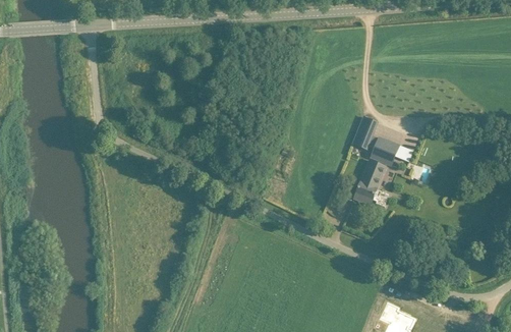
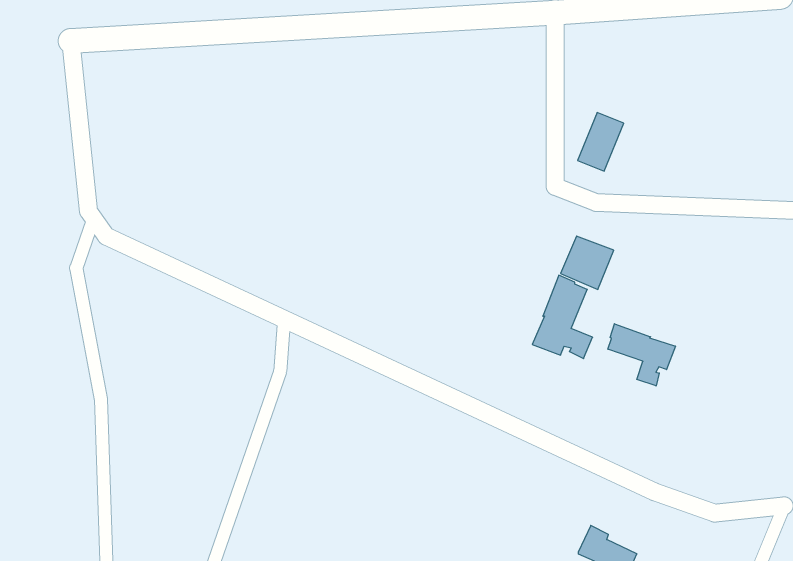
building: [352,116,379,150] -> [578,113,624,171]
building: none -> [608,324,675,386]

